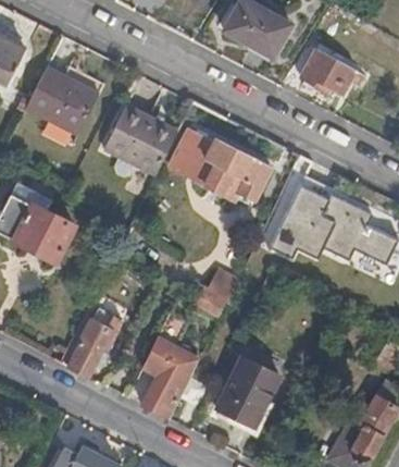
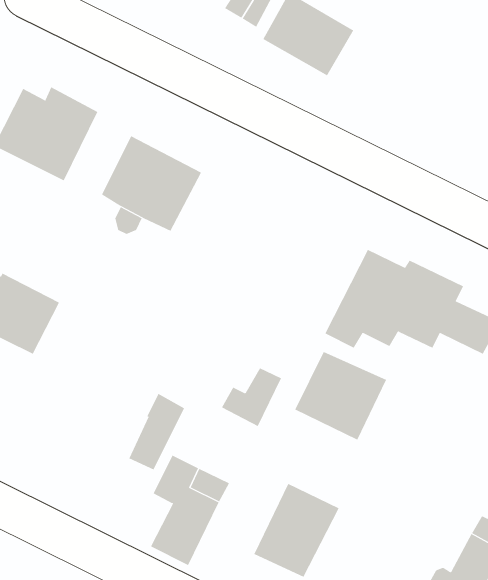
building: [301,49,364,94] -> none
building: [171,128,270,200] -> none
building: none -> [295,351,387,440]
building: [67,319,109,376] -> [129,393,185,470]

